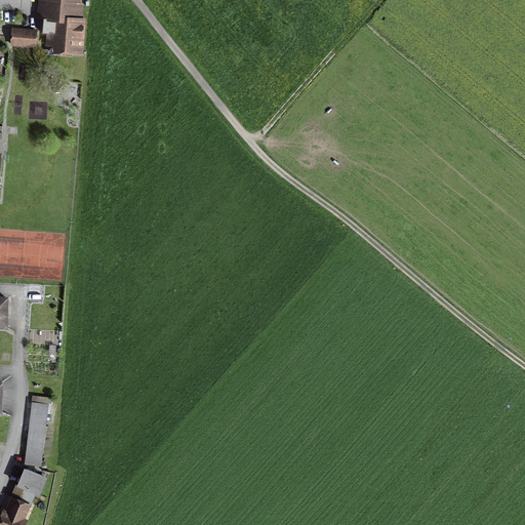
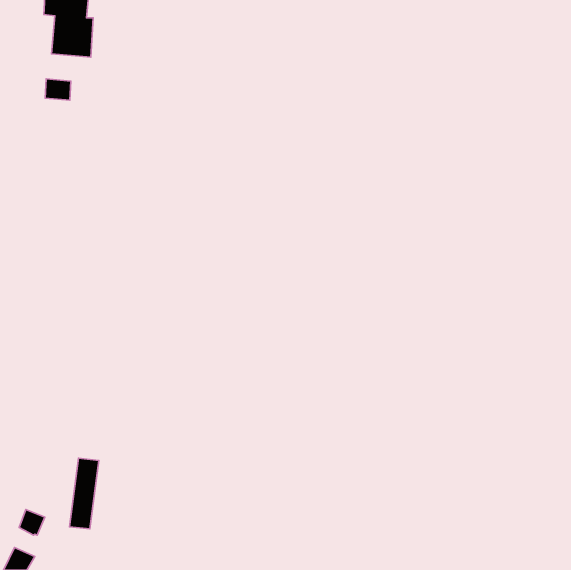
building: [10,28,34,47] -> [45,79,71,100]
building: [24,401,50,466] -> [70,458,99,529]

